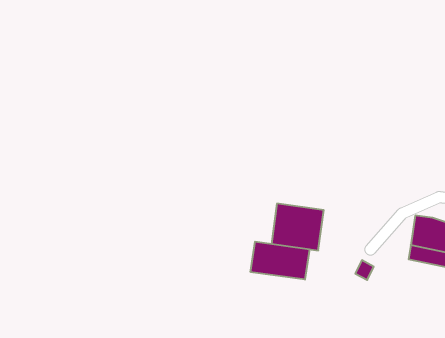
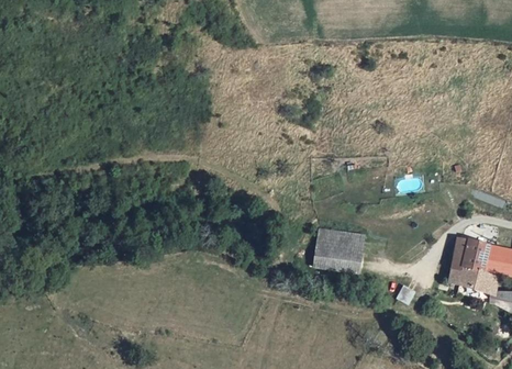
building: [251,242,309,280] -> none

